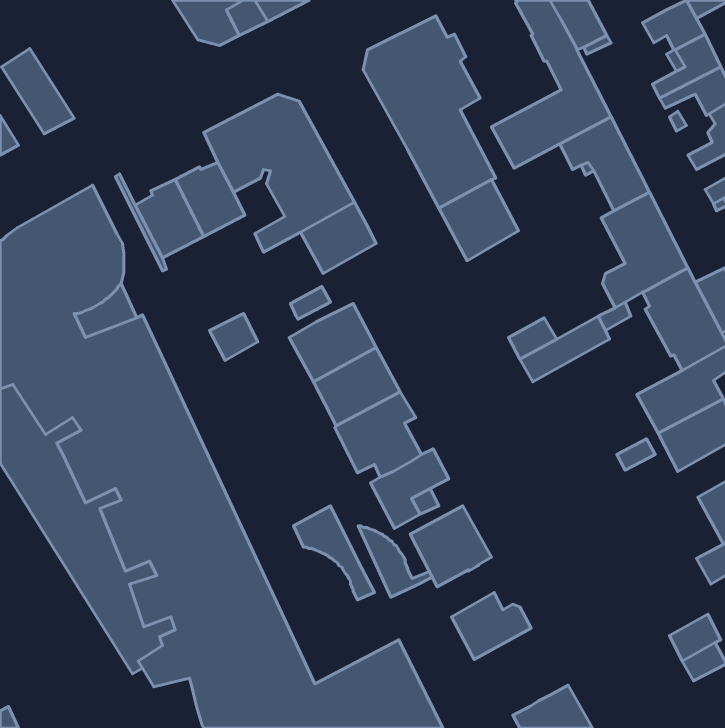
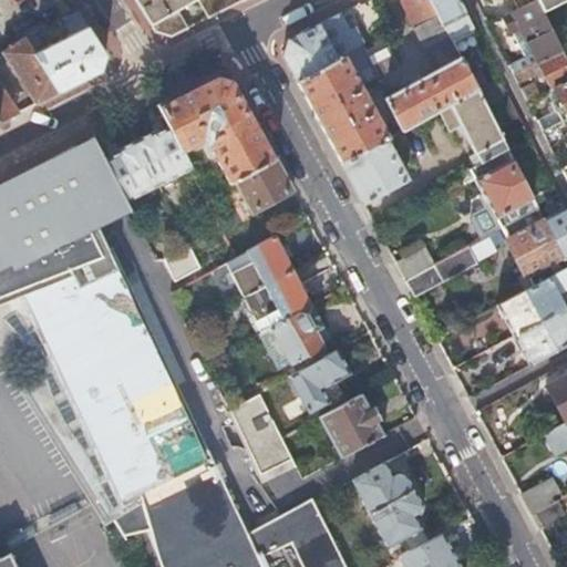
building: none -> [25,11,106,92]
building: [358,526,432,597] -> [238,425,296,481]
building: none -> [371,488,430,549]

